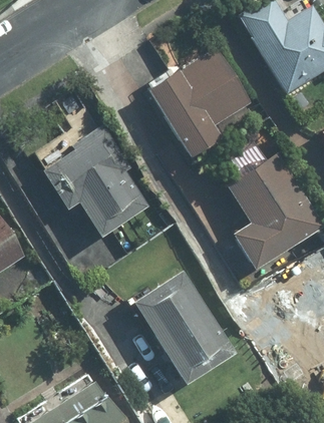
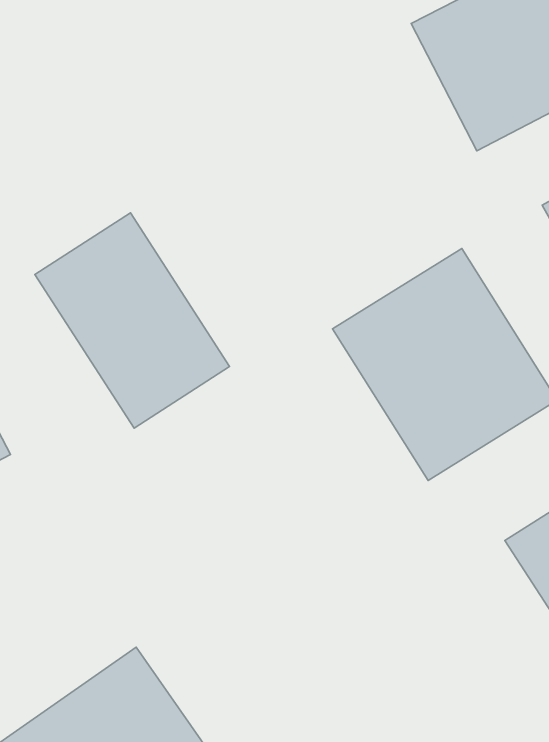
building: [145,38,261,155] -> none
building: [133,269,240,387] -> none

